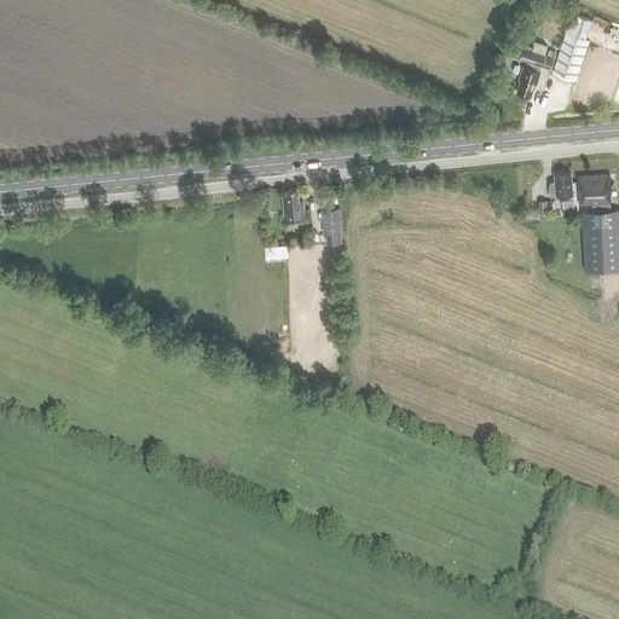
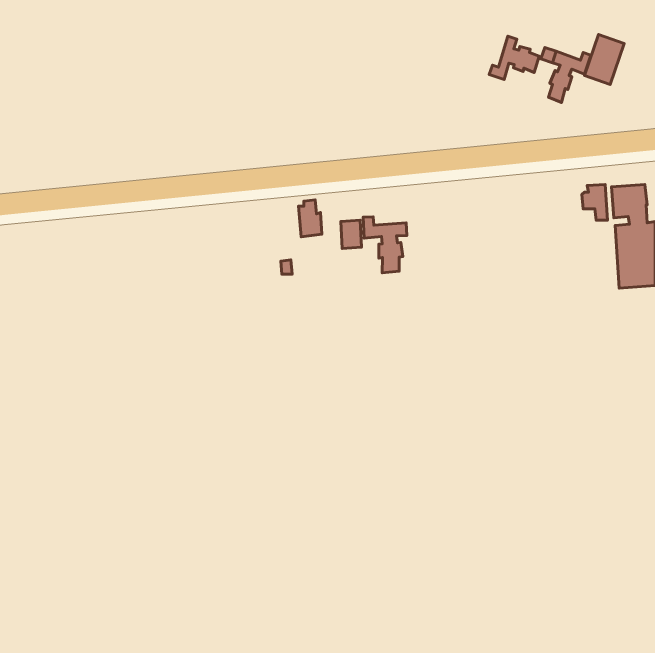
building: none -> [489,36,539,80]
building: none -> [363,217,407,273]

